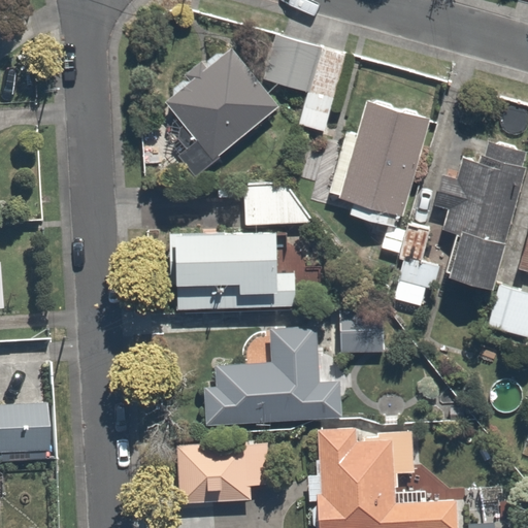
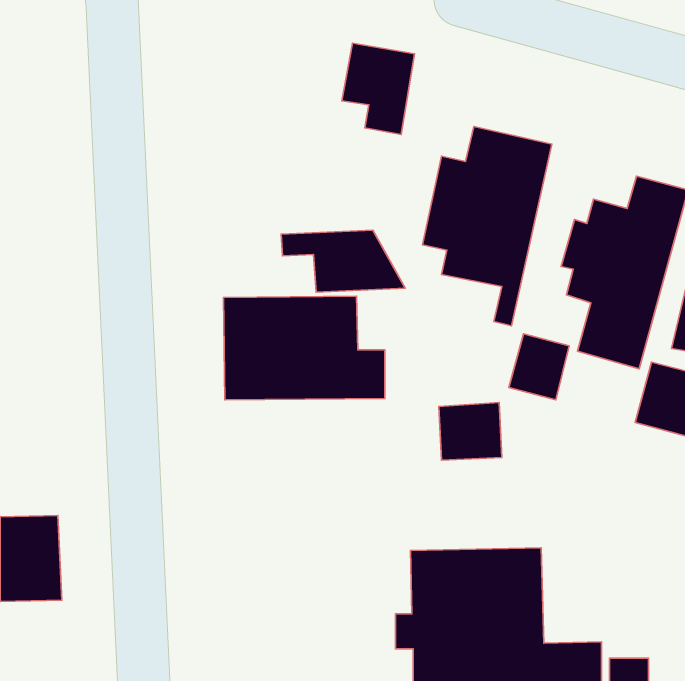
building: [164,50,280,173] -> none
building: [200,328,342,422] -> none
building: [177,440,253,508] -> none

